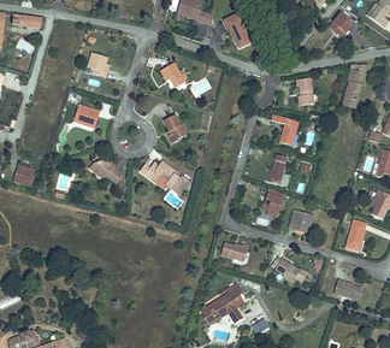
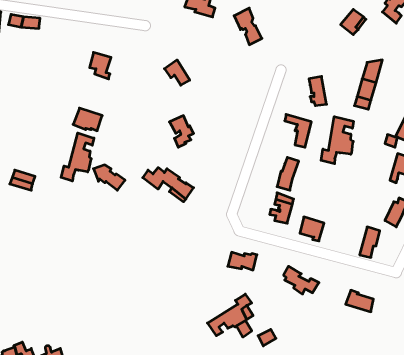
building: none -> [321,117,353,164]
building: none -> [61,133,94,181]

